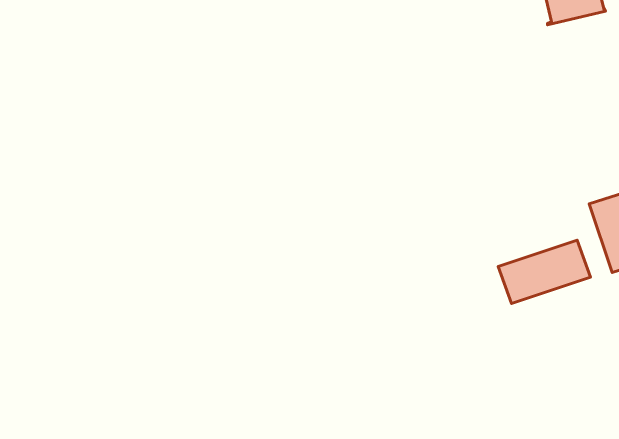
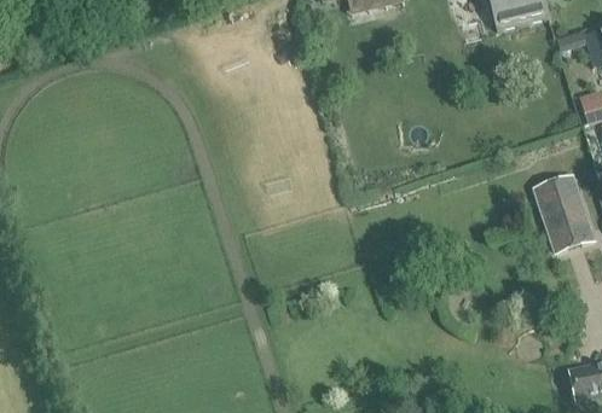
building: [498,240,590,303] -> none

